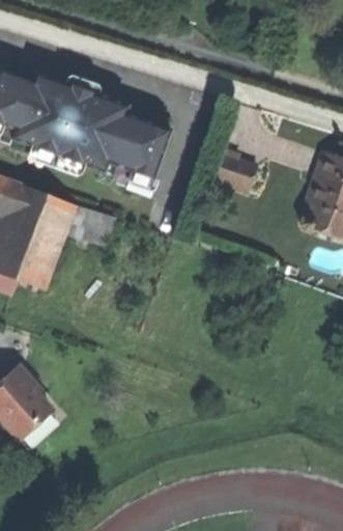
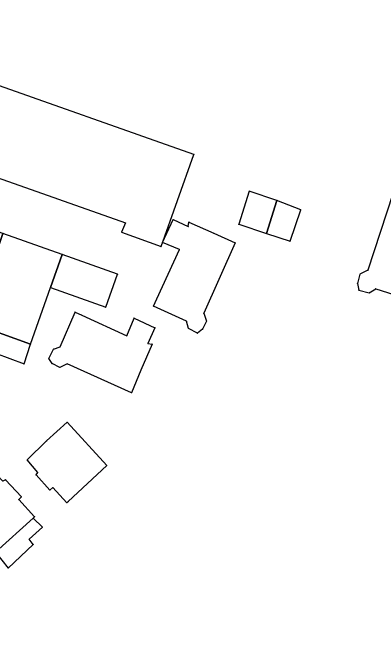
building: none -> [154,220,235,333]
building: none -> [49,312,155,393]
building: none -> [27,422,107,503]

